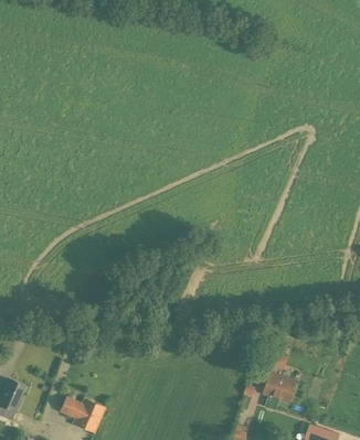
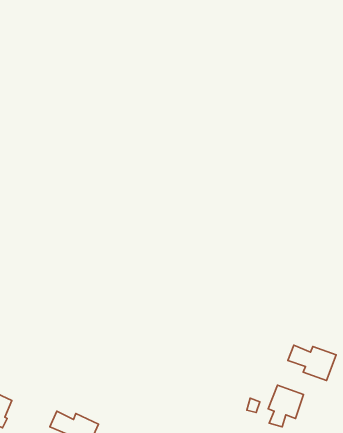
building: none -> [288,345,336,381]

